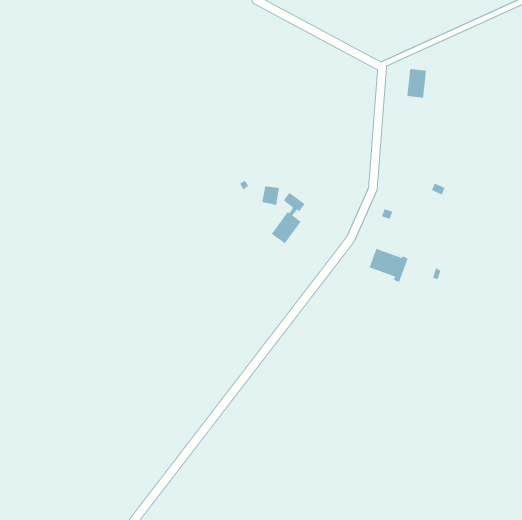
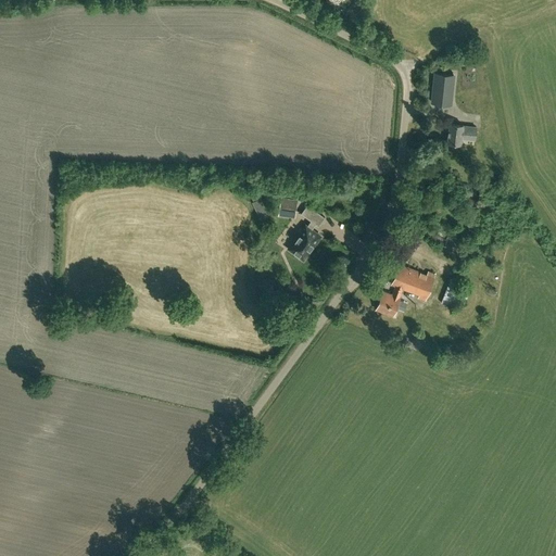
building: none -> [447,126,476,146]
building: none -> [376,288,402,318]

